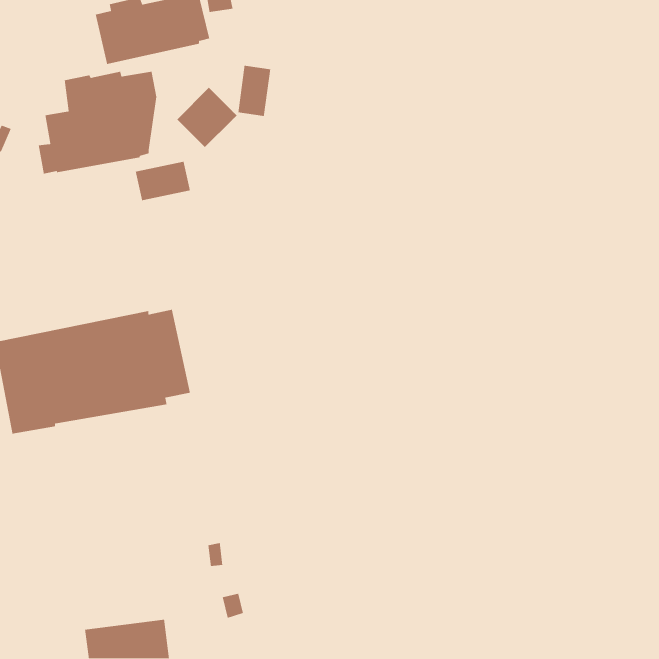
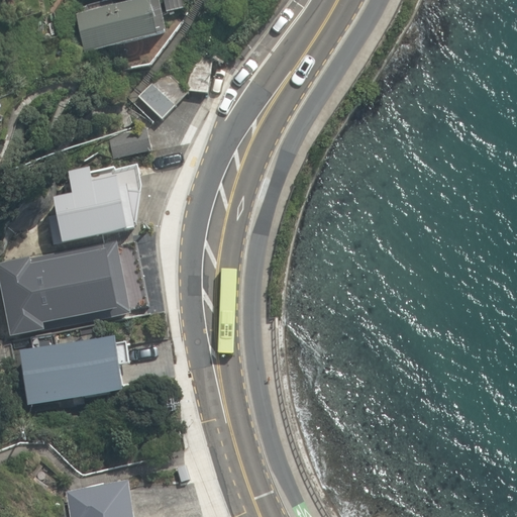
building: [38,71,157,175] -> [47,166,140,246]
building: none -> [19,333,122,403]

